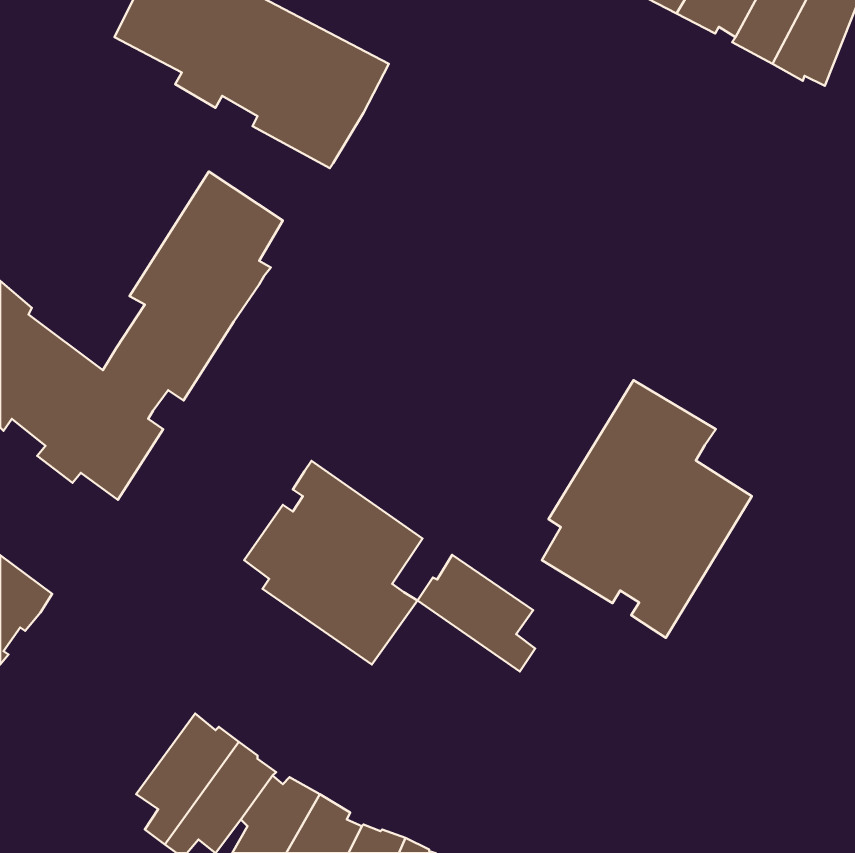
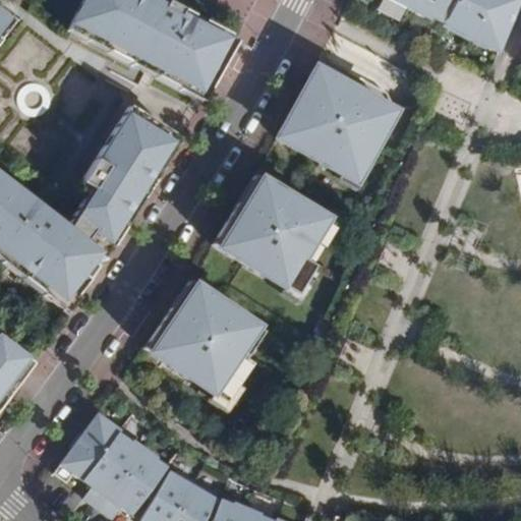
building: none -> [283,66,389,180]
building: none -> [218,174,328,293]
building: [542,380,752,638] -> none
building: [417,555,535,671] -> none
building: none -> [56,412,123,482]

